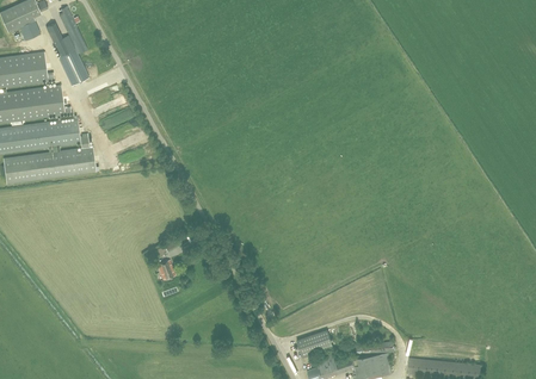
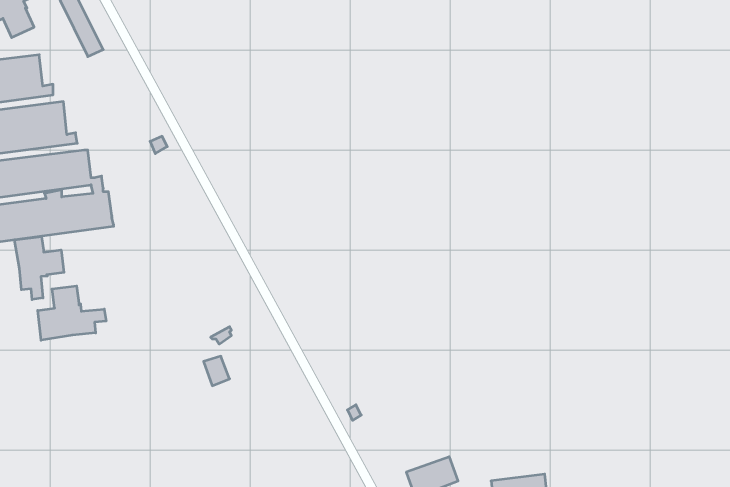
building: [45,20,88,85] -> none
building: none -> [15,237,64,300]
building: none -> [38,286,106,340]

